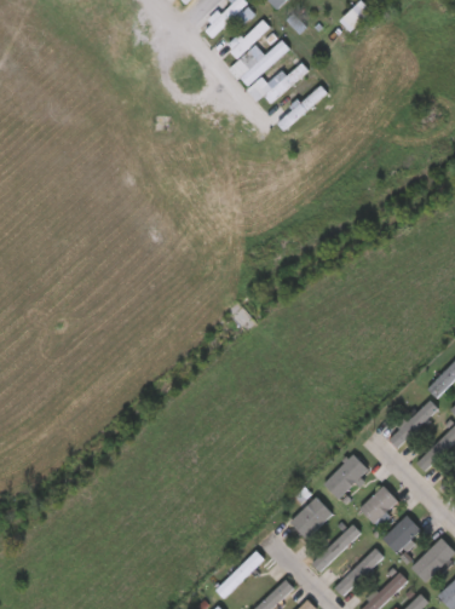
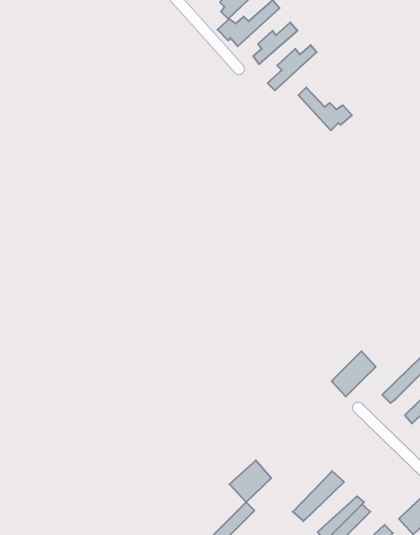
building: none -> [298,87,352,130]
building: [324,452,369,498] -> [332,351,376,397]
building: [359,483,399,522] -> none
building: [292,495,334,538] -> [229,460,271,502]
building: [382,512,422,552] -> none

